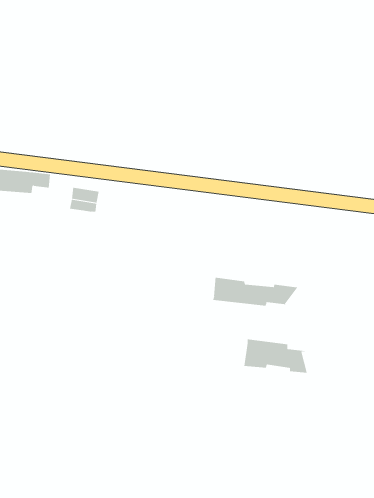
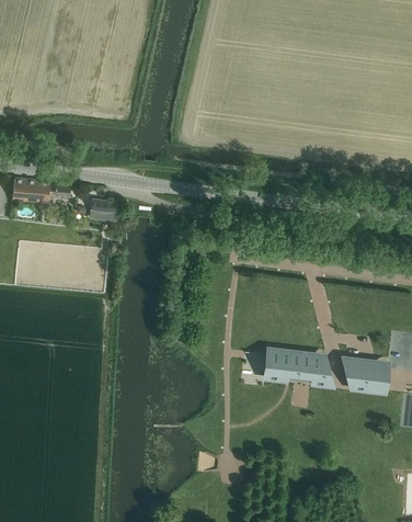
building: [212,277,302,306] -> none
building: none -> [342,361,386,387]

